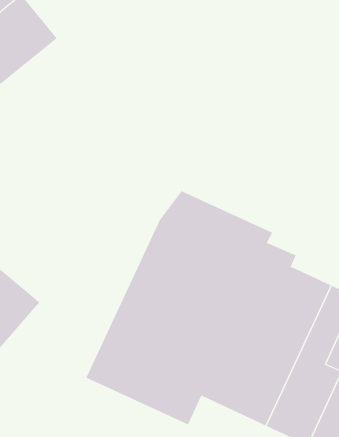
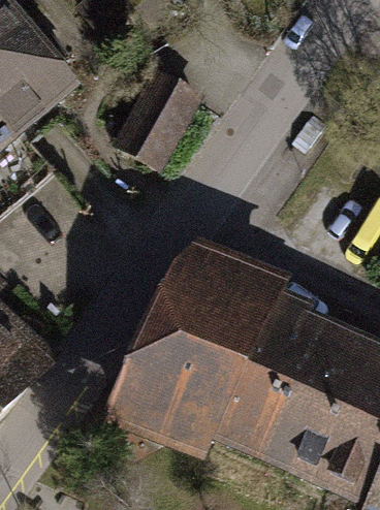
building: none -> [116,59,200,160]

